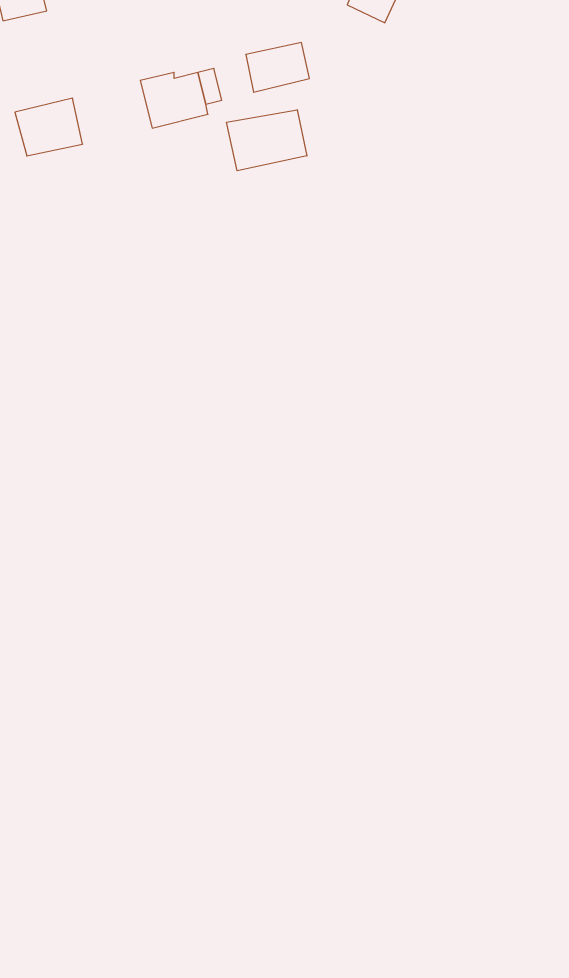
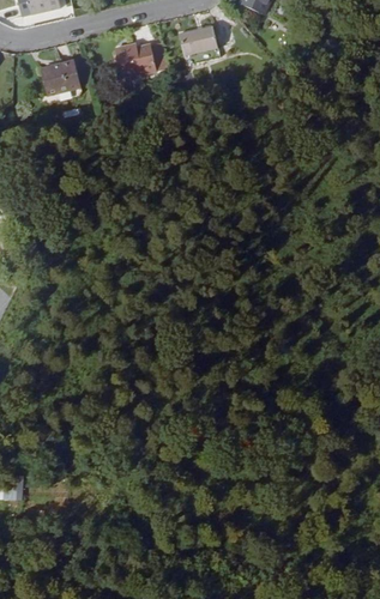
building: [227,110,307,171] -> none

